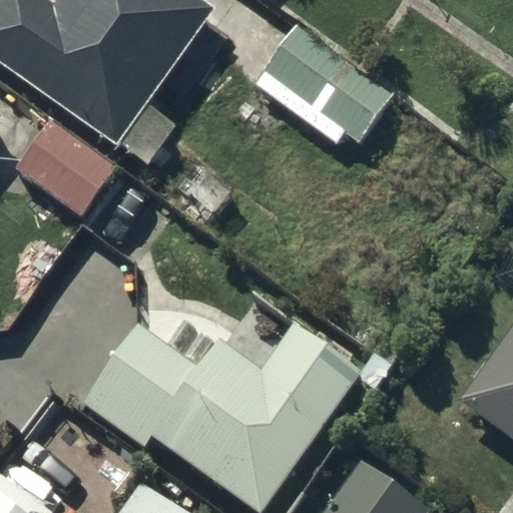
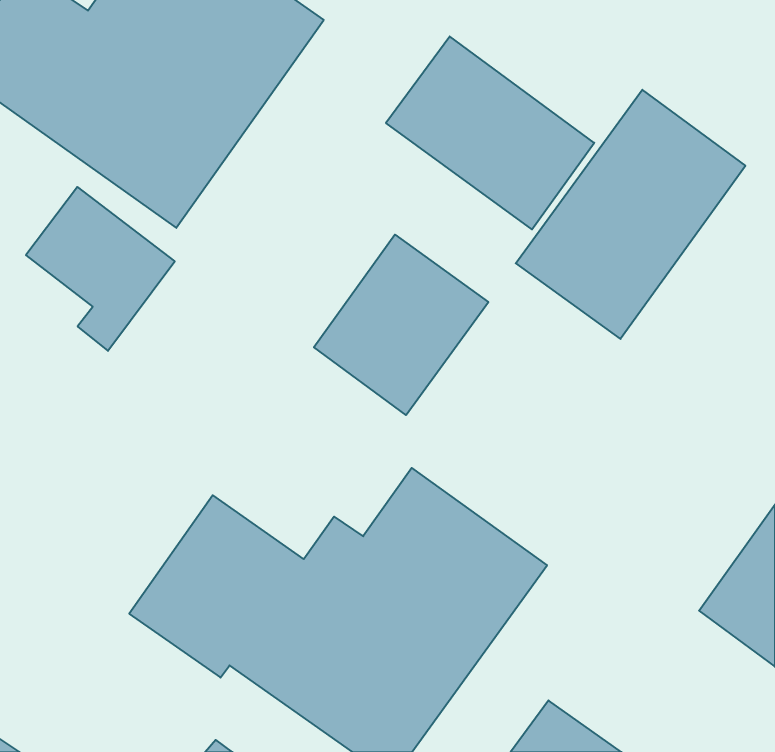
building: none -> [516,90,745,339]
building: none -> [314,235,488,415]

